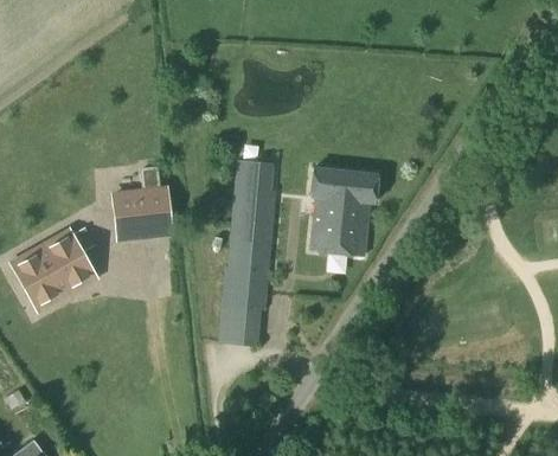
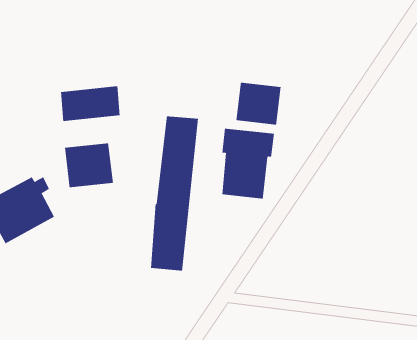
building: none -> [236,82,281,125]
building: none -> [60,85,120,122]

